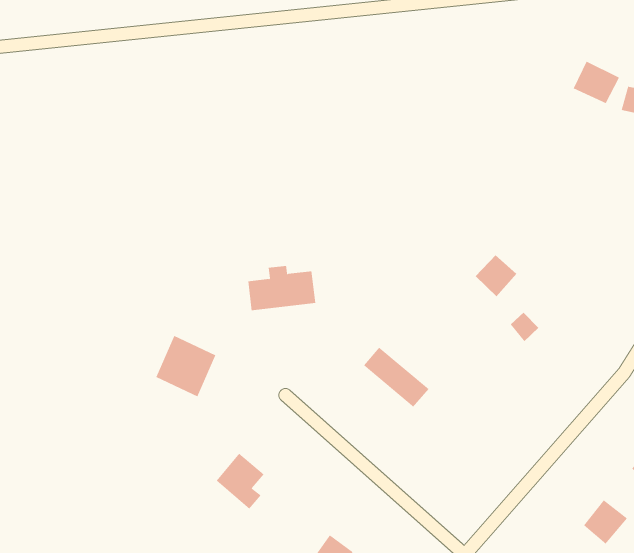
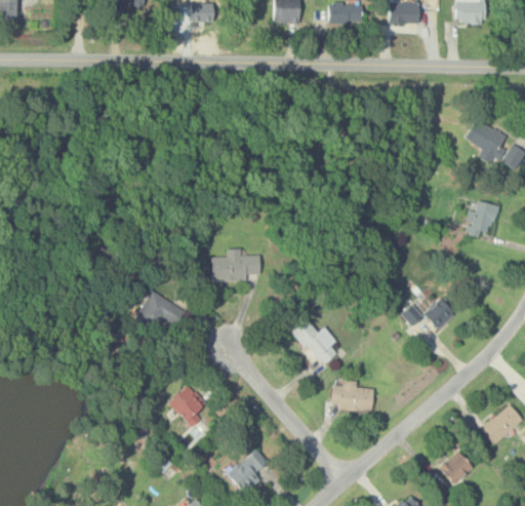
building: none -> [468,201,498,234]
building: [475,254,517,297] -> [423,299,455,330]
building: none -> [332,382,374,413]

